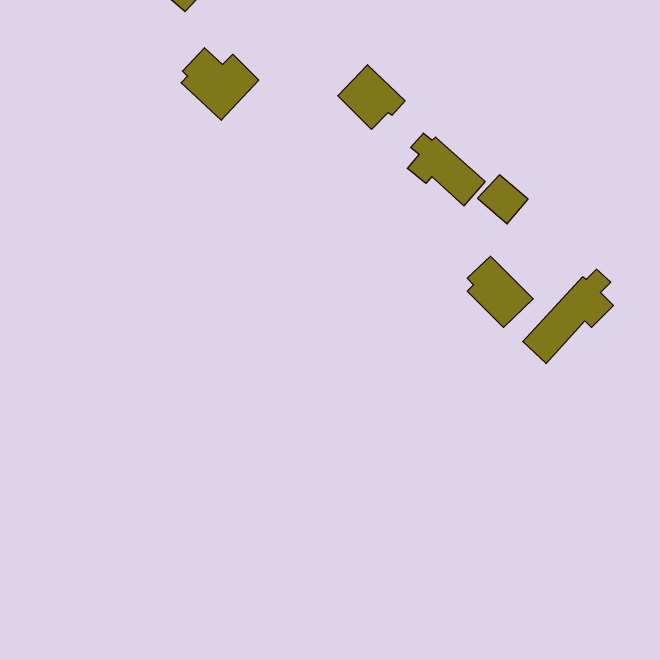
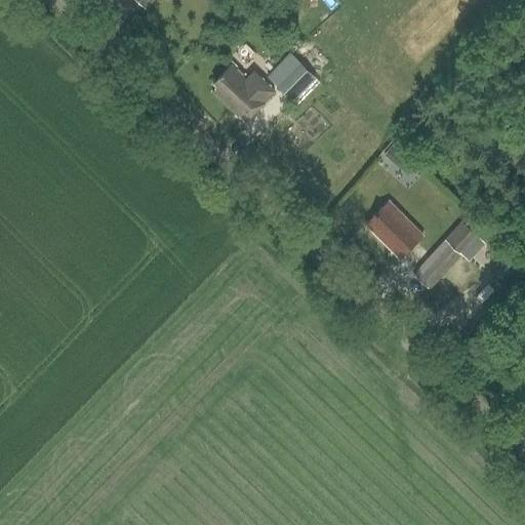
building: [181,48,259,120] -> [213,65,275,122]
building: [407,133,485,206] -> none

